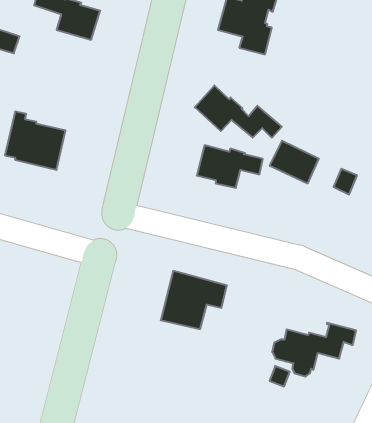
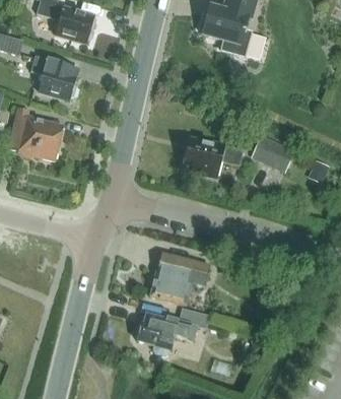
building: none -> [30,55,77,99]
building: [195,85,282,138] -> none
building: [272,323,356,377] -> [132,308,208,356]

